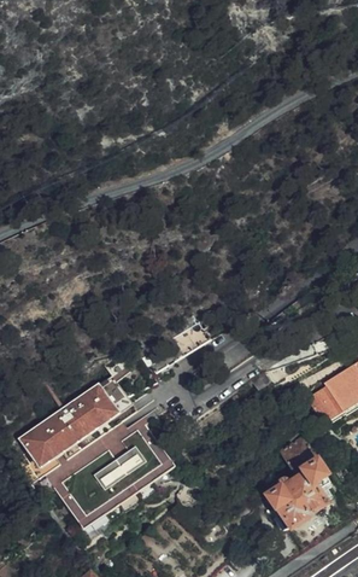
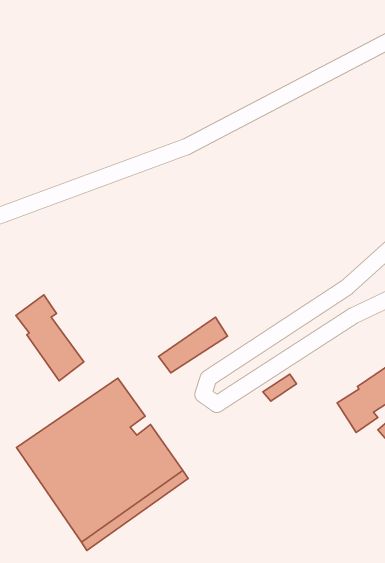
building: none -> [16,295,84,381]
building: [266,436,333,529] -> none

